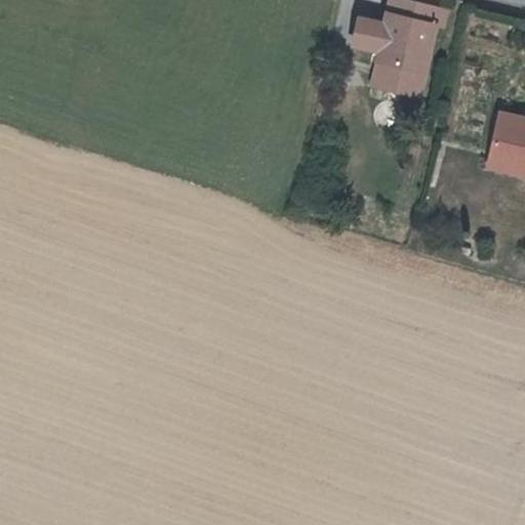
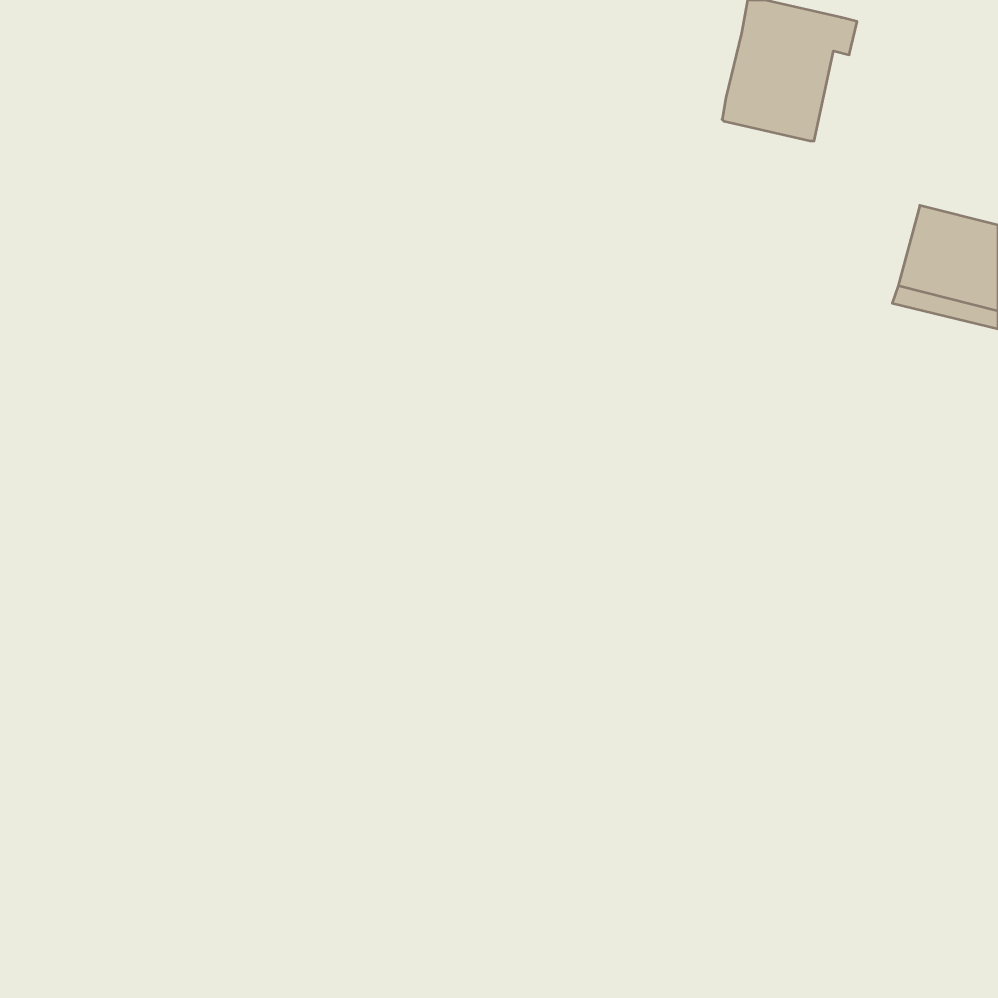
building: [355,13,389,52] -> none
building: [374,65,425,98] -> none

